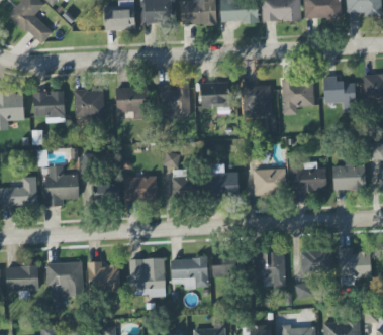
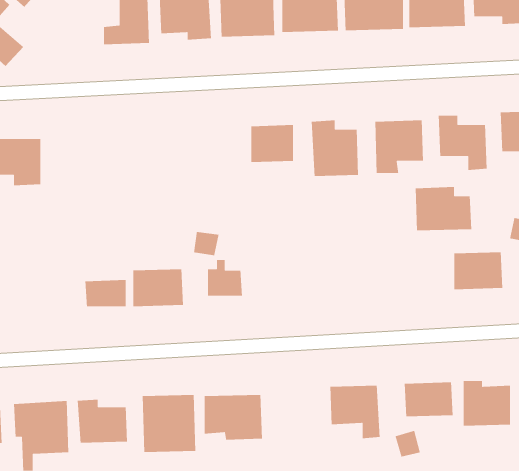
building: [158,83,190,117] -> none
building: [115,87,150,118] -> none
building: [73,89,104,118] -> none
building: [289,161,326,191] -> [415,186,472,231]
building: [208,163,238,197] -> none
building: [44,165,79,206] -> none
building: [253,167,286,195] -> none
building: [211,256,238,276] -> none

